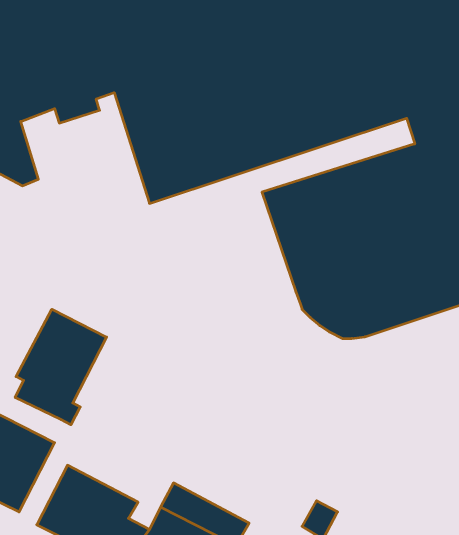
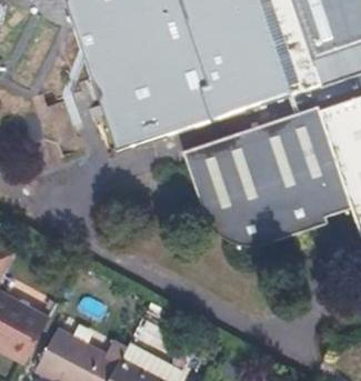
building: [15,309,107,425] -> none

